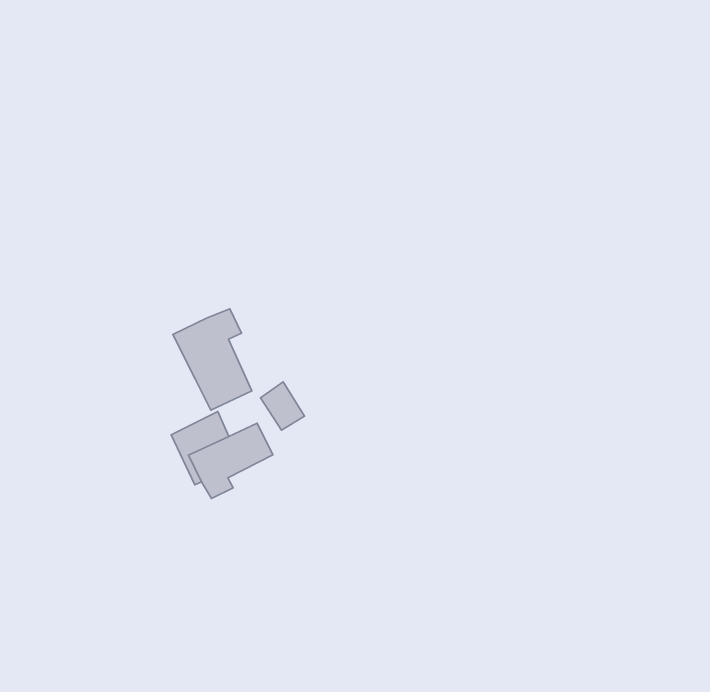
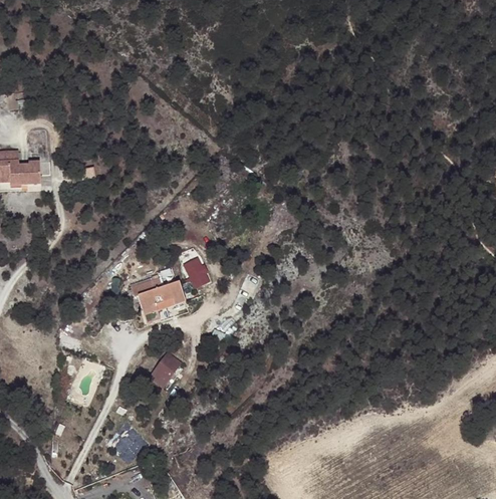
building: [173,309,252,410] -> none
building: none -> [149,348,182,386]

